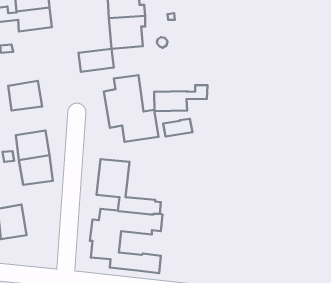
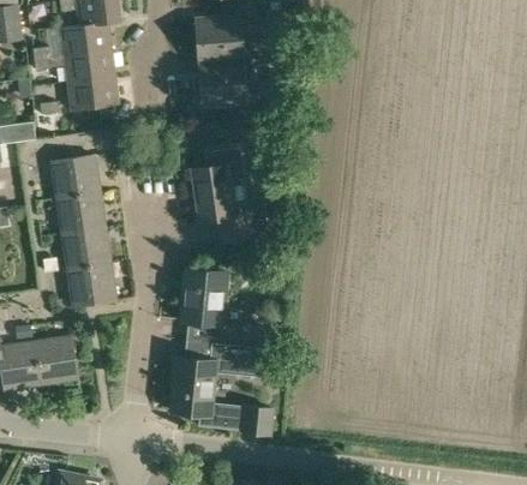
building: [78,49,114,72] -> [66,77,118,110]
building: [154,85,208,111] -> none
building: none -> [55,192,104,234]
building: [163,119,193,137] -> none

